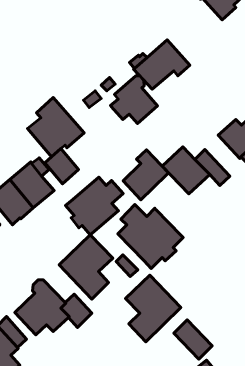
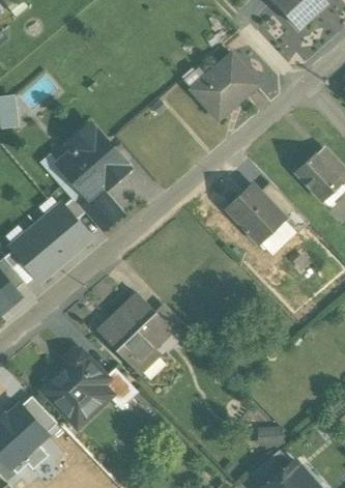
building: [110,76,157,124] -> none
building: [123,150,169,200] -> none
building: [65,177,123,235] -> none
building: [118,205,183,268] -> none
building: [125,275,181,342] -> none

